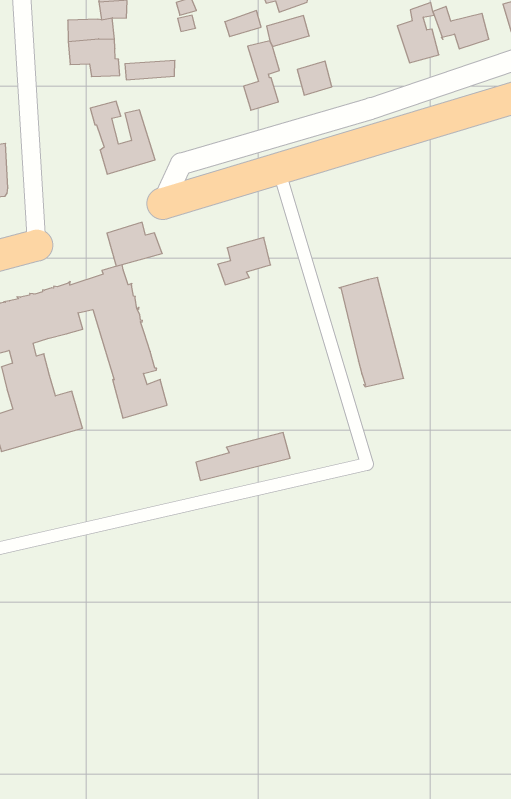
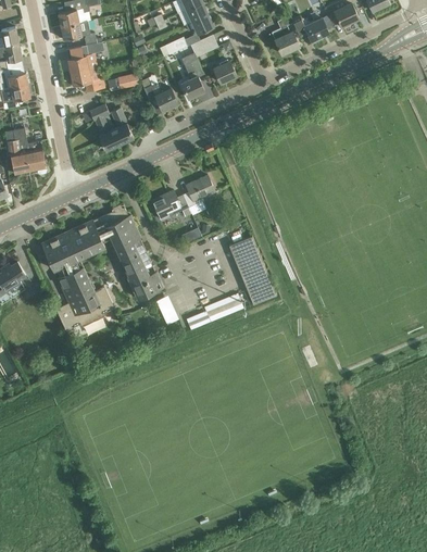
building: none -> [143,83,177,111]
building: [107,222,162,266] -> [152,190,188,219]
building: [339,277,404,387] -> [228,236,276,304]

